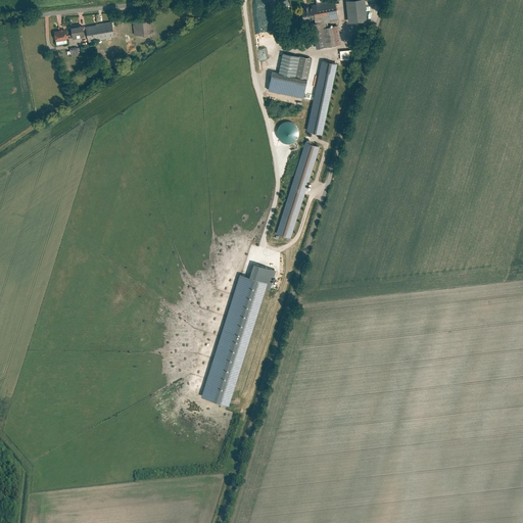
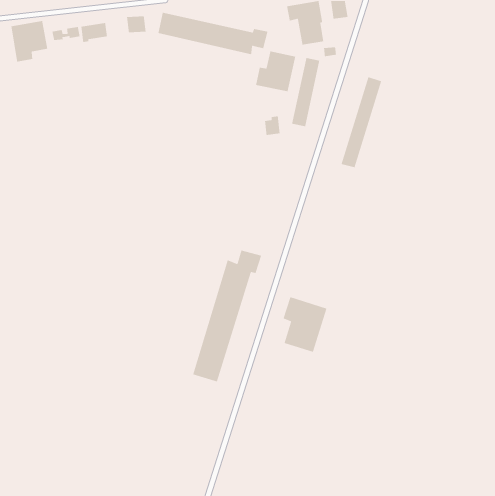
building: none -> [157,12,269,55]
building: none -> [10,20,48,62]
building: [276,141,320,238] -> [341,76,382,168]
building: none -> [283,296,327,353]

